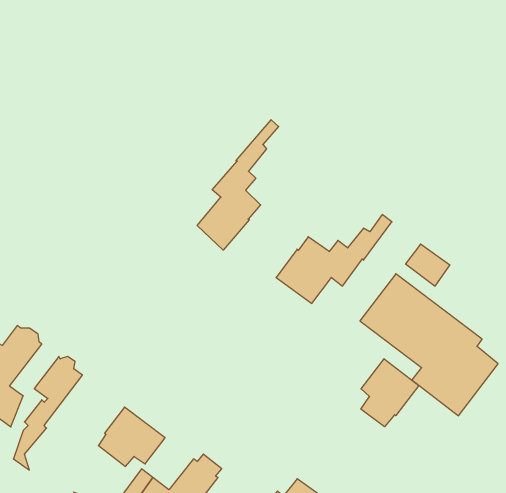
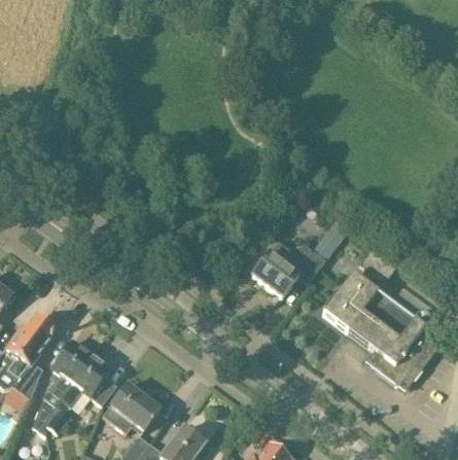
building: [197,120,279,250] -> none
building: [361,359,419,427] -> none
building: none -> [42,356,117,435]

